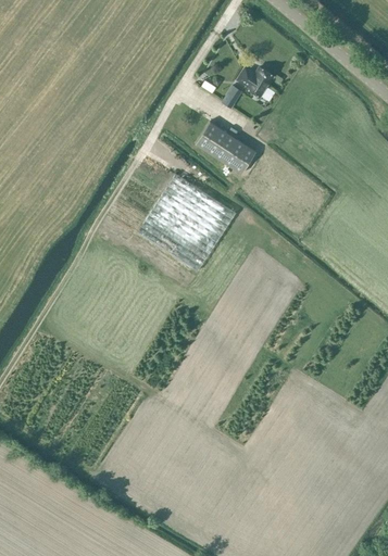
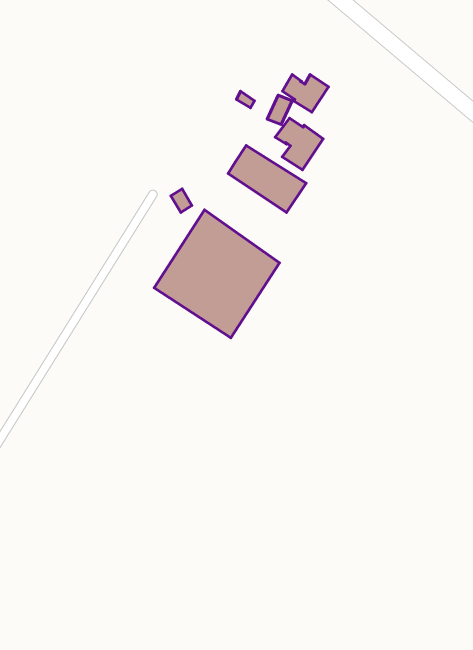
building: none -> [275,118,323,170]

